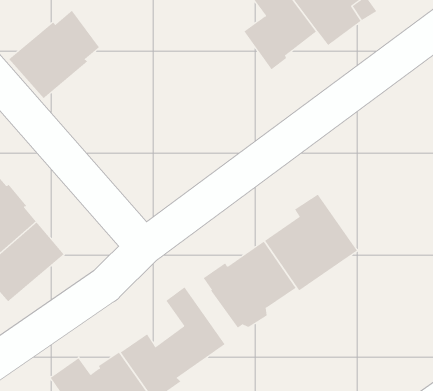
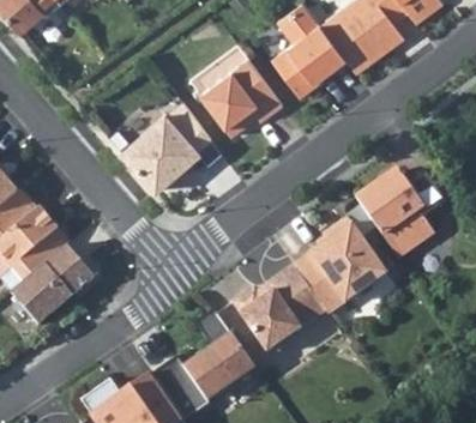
building: [9,10,100,99] -> [120,102,211,191]
building: none -> [200,58,283,135]
building: none -> [356,170,445,258]

